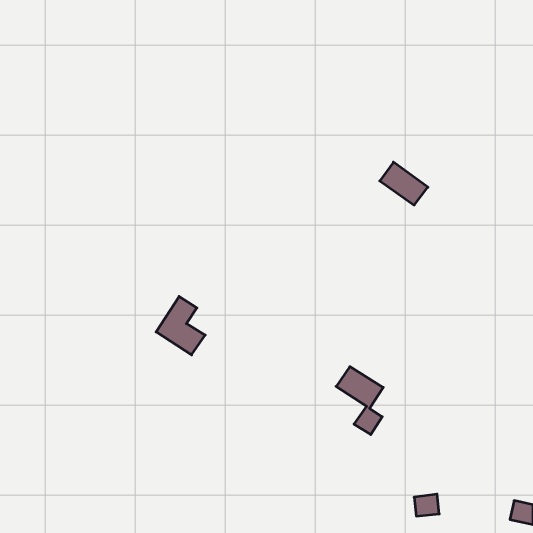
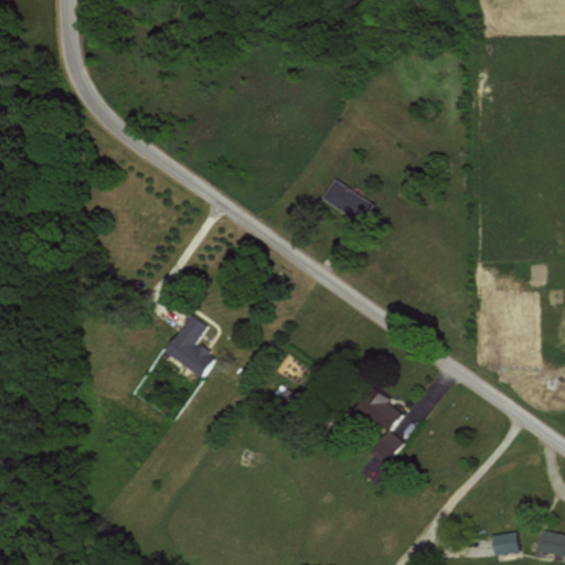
building: [380,162,428,205] -> [320,178,371,223]
building: [414,494,439,516] -> [490,532,516,555]

